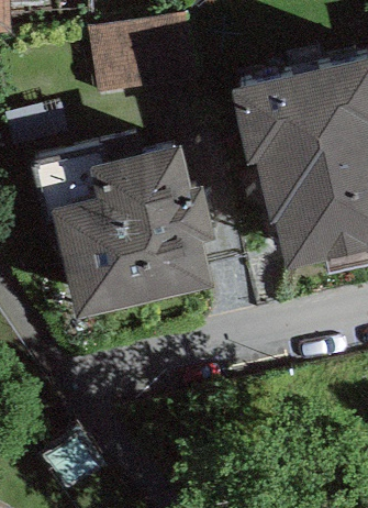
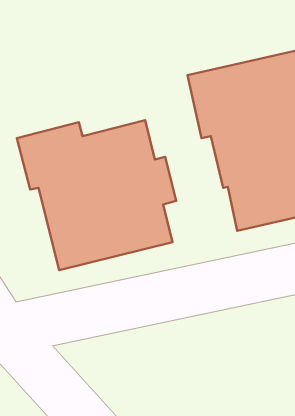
building: [87,9,201,93] -> none

